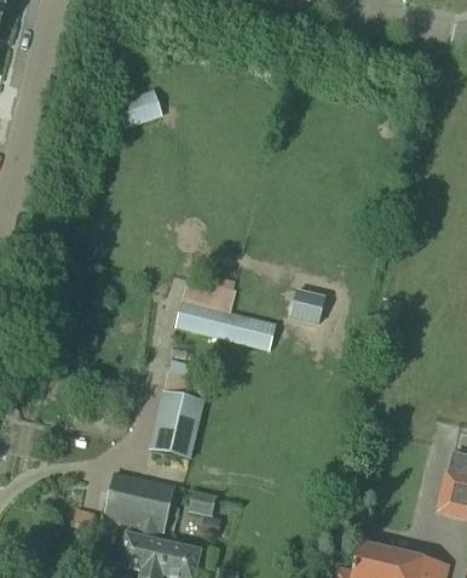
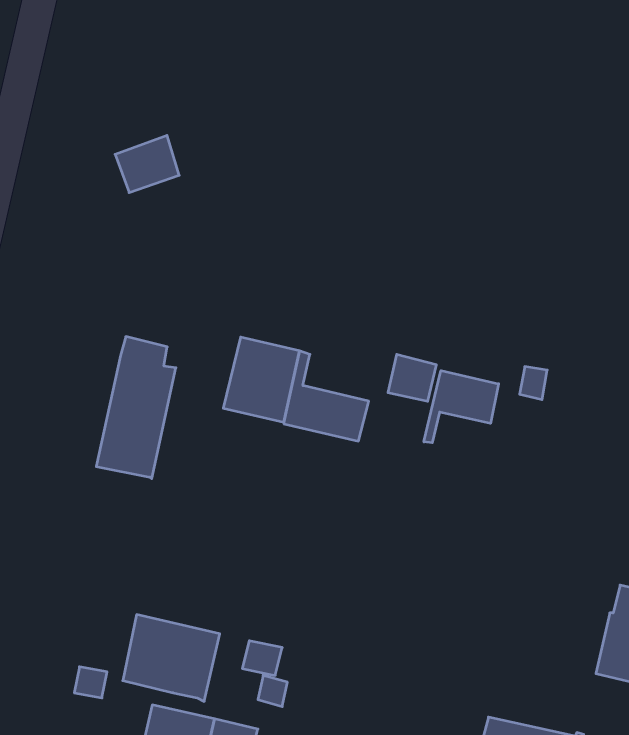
building: [117,88,162,128] -> [115,135,179,193]
building: none -> [424,371,499,443]
building: [151,359,207,458] -> [96,337,176,479]

